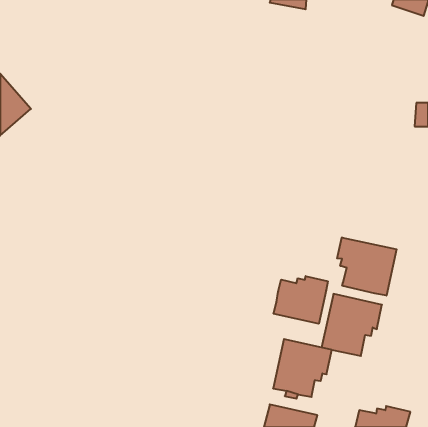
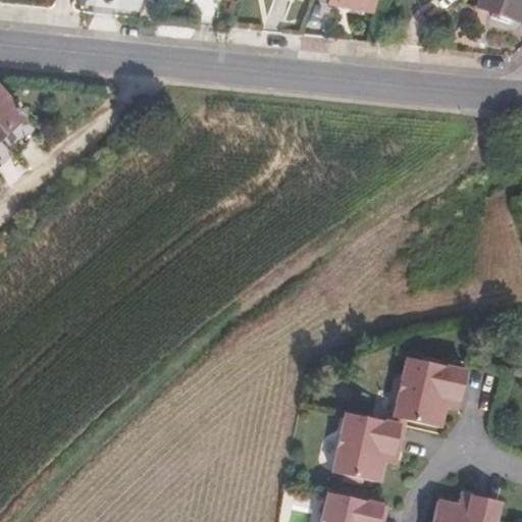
building: [337,237,397,296] -> none
building: [274,276,328,324] -> none

